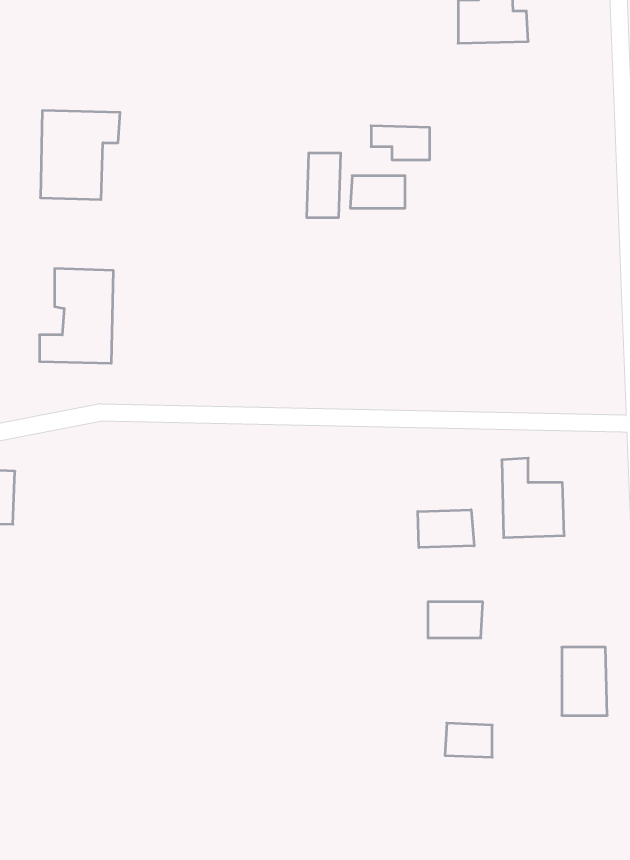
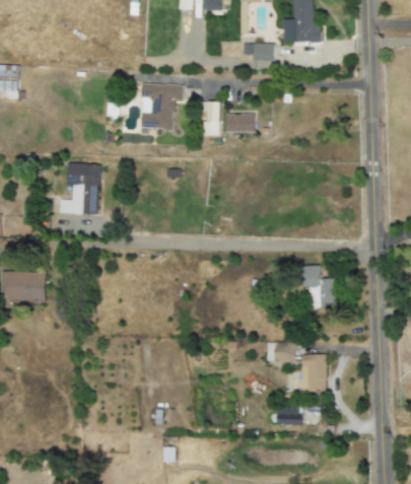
building: [40,111,120,200] -> [141,83,184,131]
building: [371,126,430,160] -> [243,43,274,61]
building: [418,510,474,548] -> none
building: [562,647,607,715] -> [302,354,327,391]

